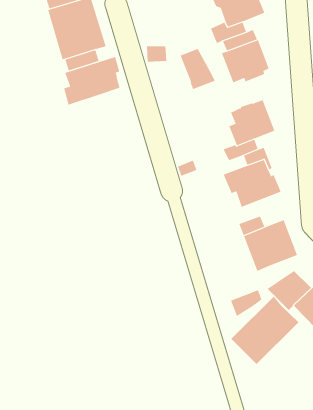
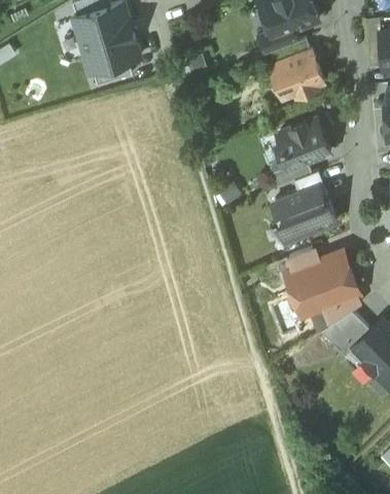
building: [180,48,216,90] -> none
building: [64,56,120,105] -> none
building: [230,290,262,317] -> [324,293,360,324]
building: [231,296,299,365] -> none

